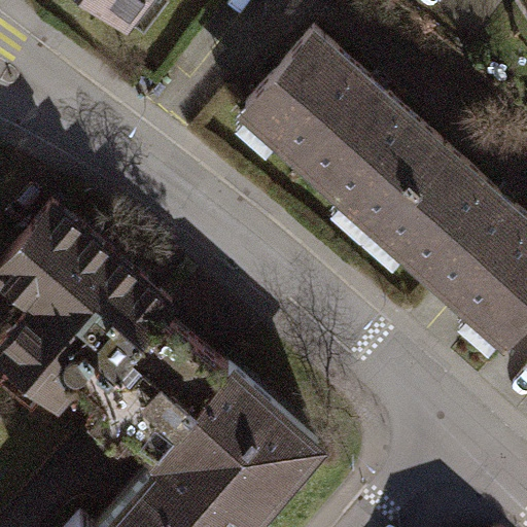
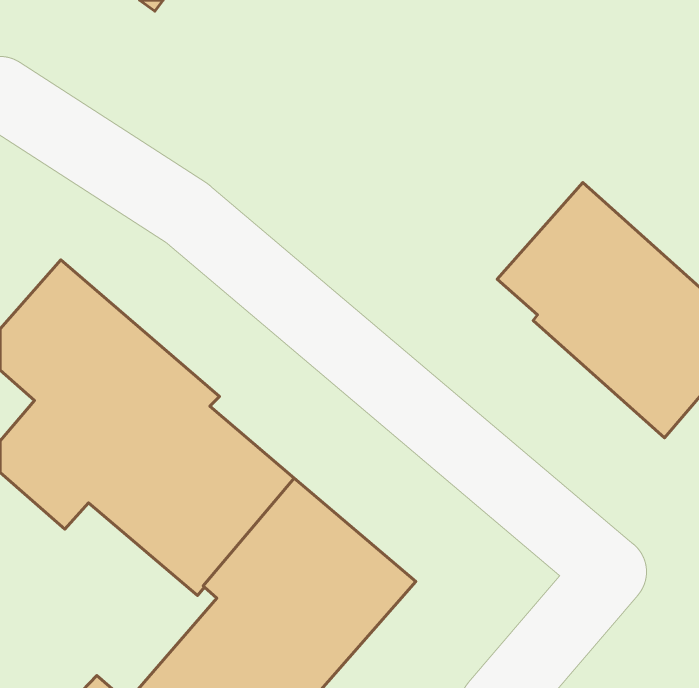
building: [243,35,440,221] -> none

